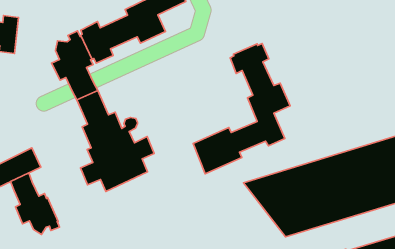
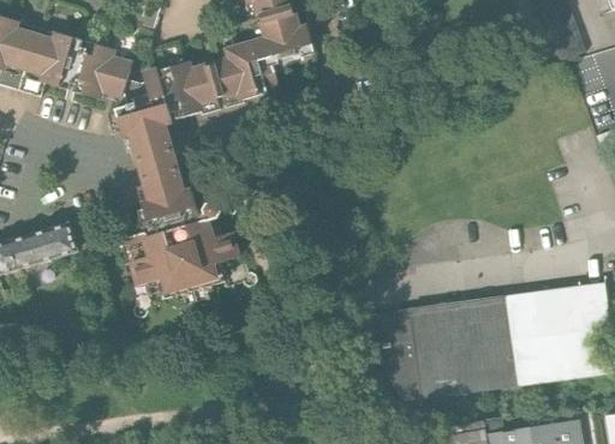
building: none -> [64,38,130,98]
building: [193,44,290,174] -> none
building: [11,173,60,235] -> none

